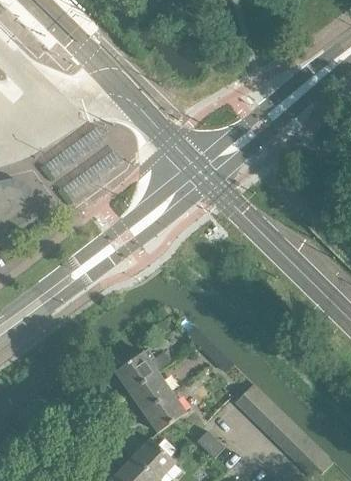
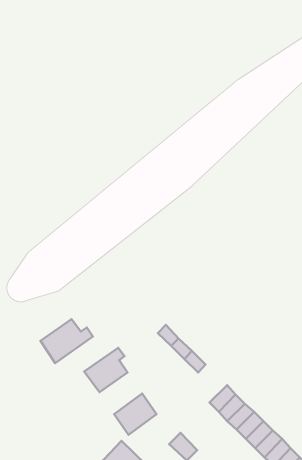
building: none -> [41,319,93,363]
building: [129,373,170,413] -> none

